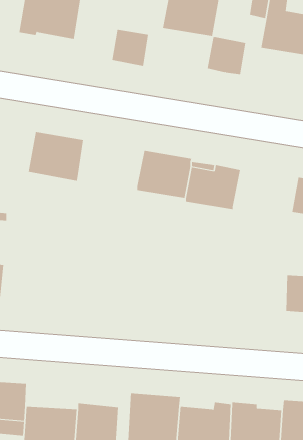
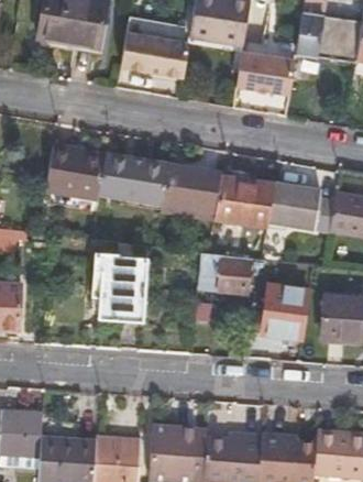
building: none -> [100,153,169,202]
building: none -> [265,185,317,231]
building: none -> [90,252,146,320]
building: none -> [195,252,246,292]
building: none -> [260,286,300,336]

